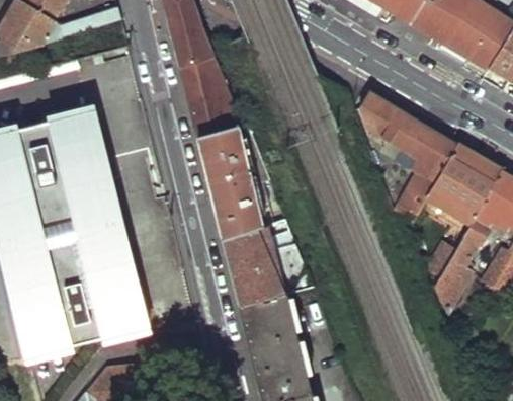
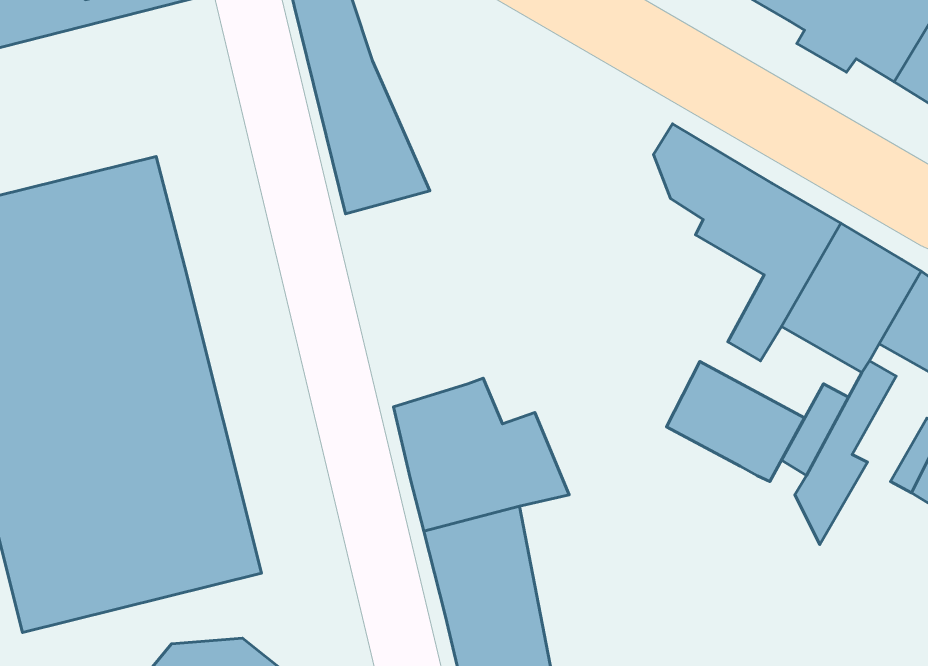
building: [197,125,271,241] -> none
building: none -> [666,362,804,482]

